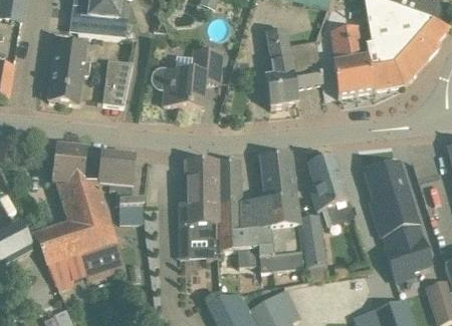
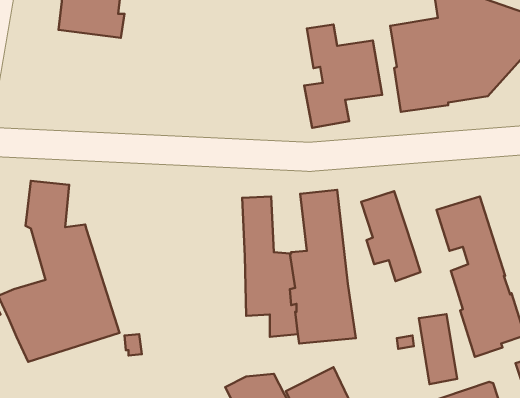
building: [48,41,90,101] -> none
building: [151,49,222,106] -> none
building: [102,59,132,105] -> none
building: [97,151,142,221] -> none
building: [180,160,217,256] -> none
building: [298,213,327,266] -> [419,314,457,384]

